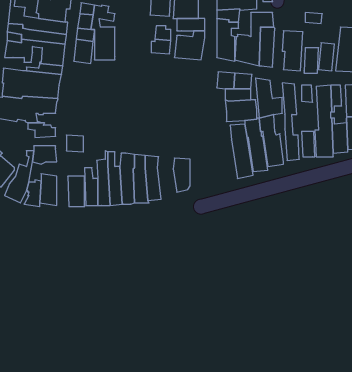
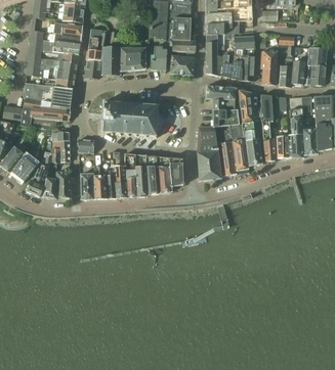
building: none -> [120,47,146,72]
building: none -> [102,99,161,136]
building: none -> [198,126,221,179]
building: none -> [156,156,172,192]

